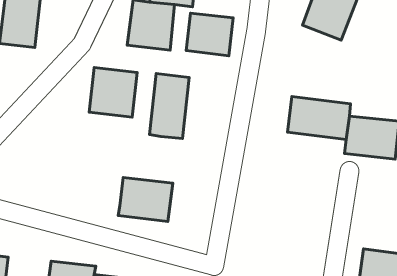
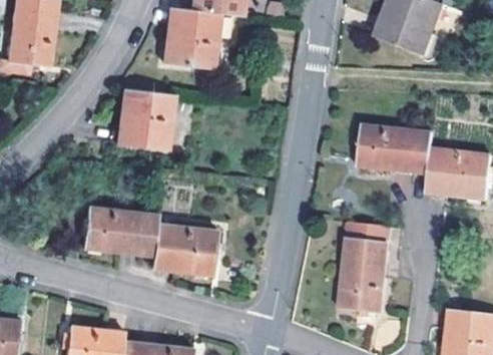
building: [186,13,233,56] -> none
building: [149,73,189,139] -> none
building: none -> [84,205,159,257]
building: none -> [339,238,390,311]

